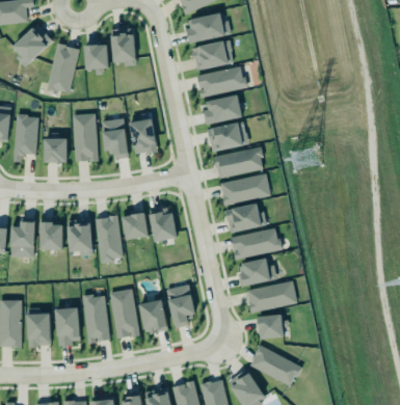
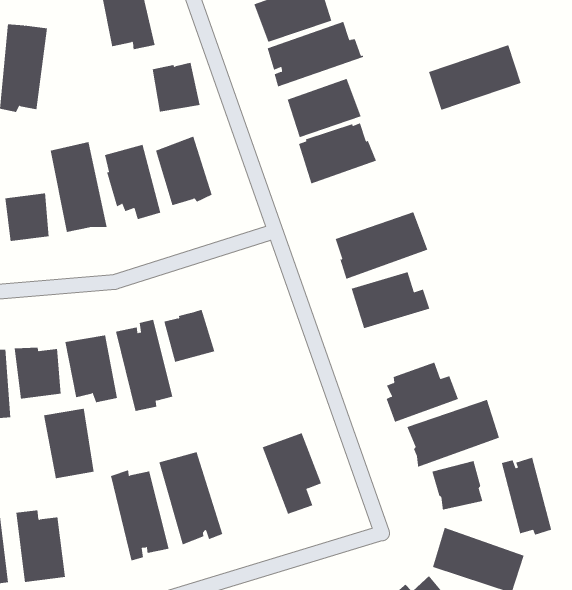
building: [84,44,108,69] -> [152,62,200,112]
building: [215,148,265,180] -> [428,45,522,111]
building: [150,208,177,243] -> none
building: [231,227,282,259] -> none
building: [138,299,167,333] -> none
building: [56,309,80,346] -> [43,408,94,479]
building: none -> [501,457,552,536]

